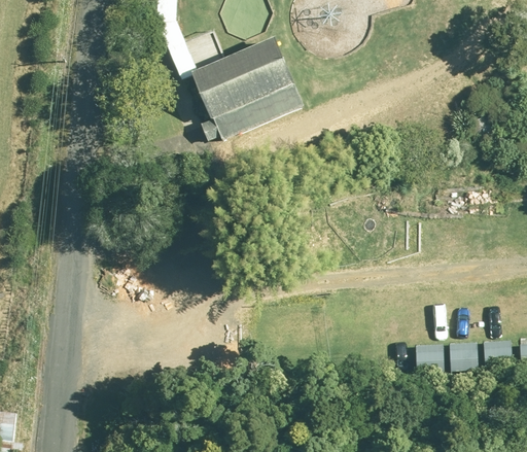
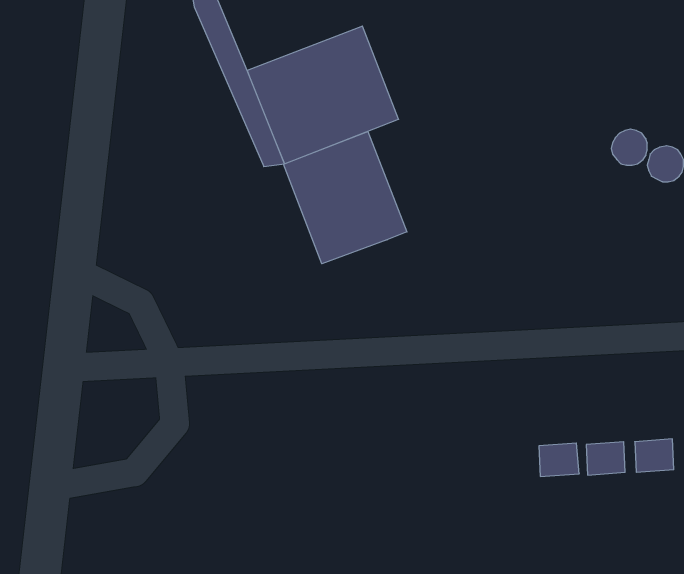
building: none -> [283,132,407,264]

